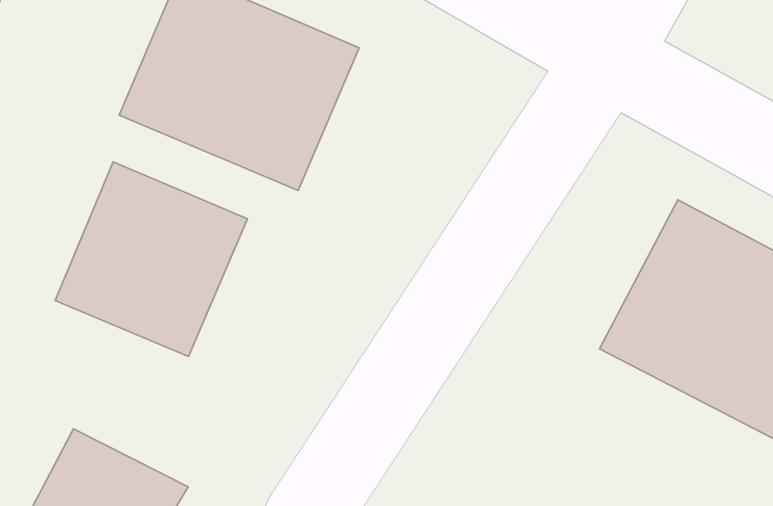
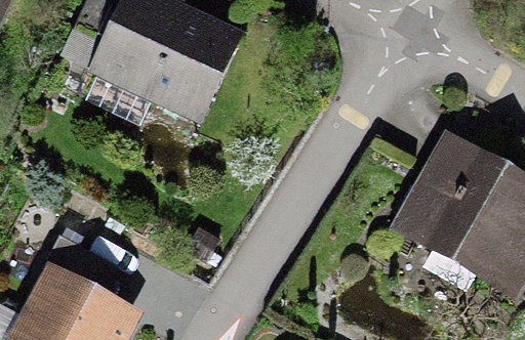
building: [55,162,247,356] -> none

